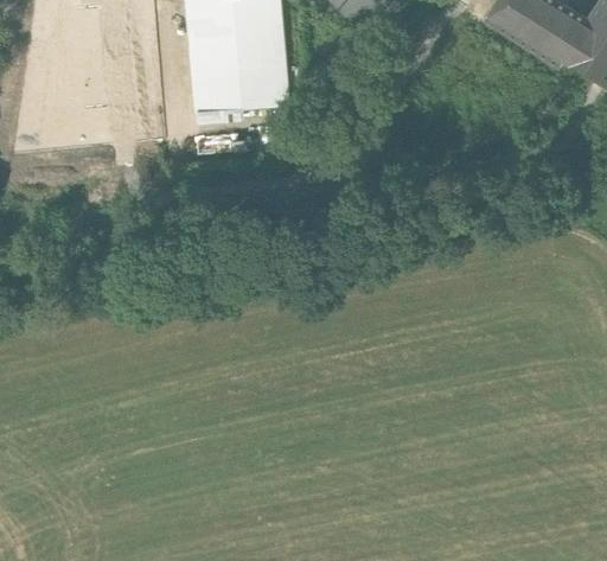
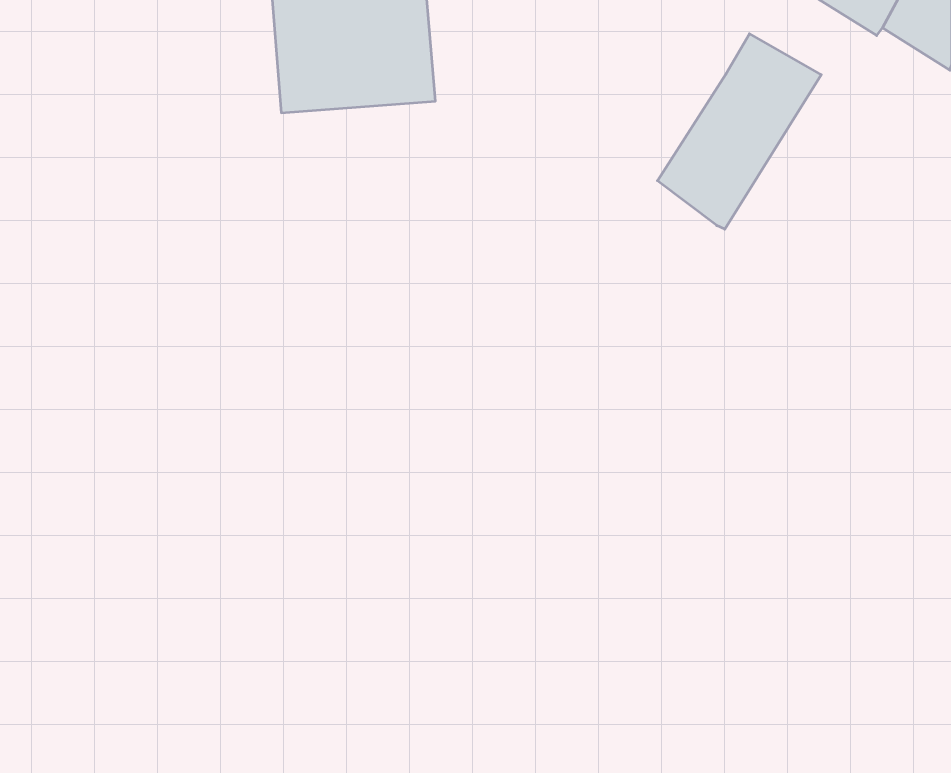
building: none -> [657,34,821,229]

